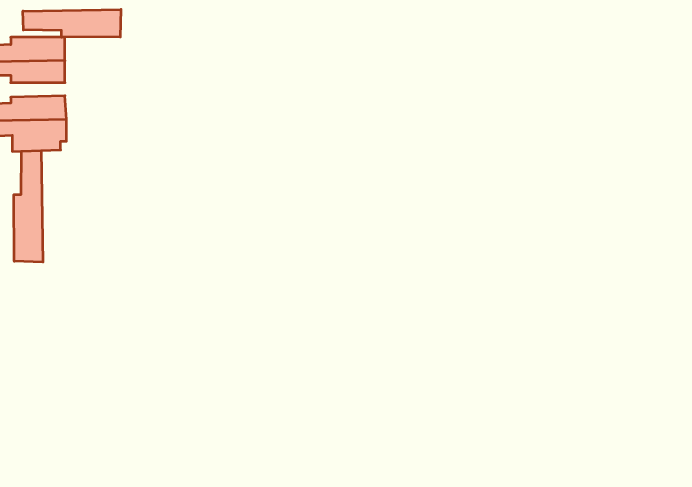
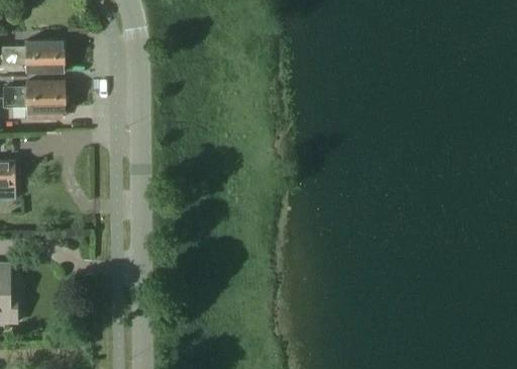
building: [23,9,121,37] -> none
building: [14,151,43,262] -> none

